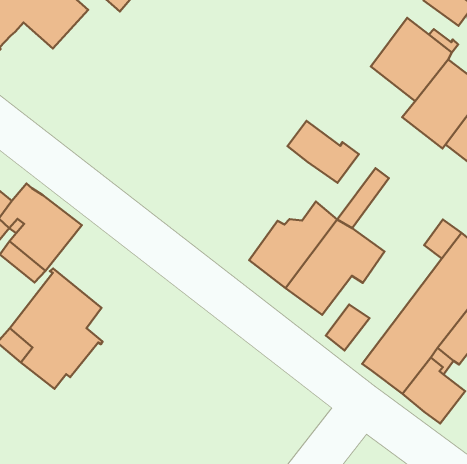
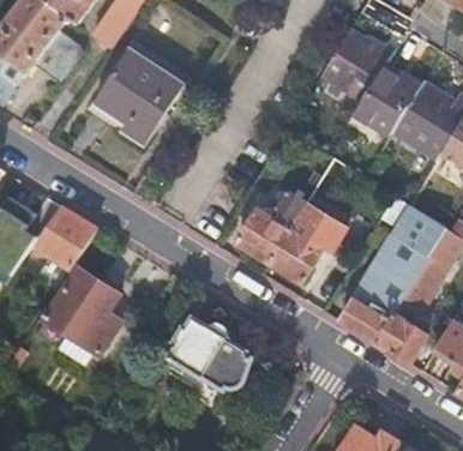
building: none -> [94,49,184,145]
building: [287,121,359,183] -> none
building: none -> [164,317,251,389]

